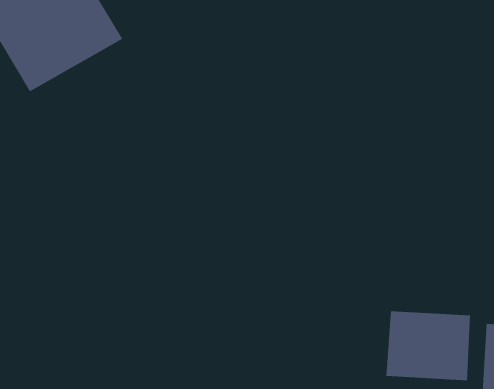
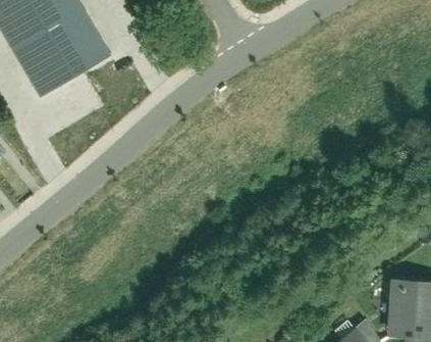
building: [386,311,471,381] -> none

